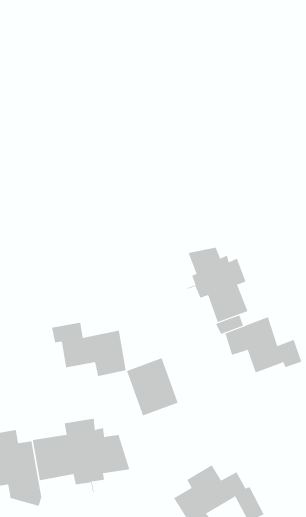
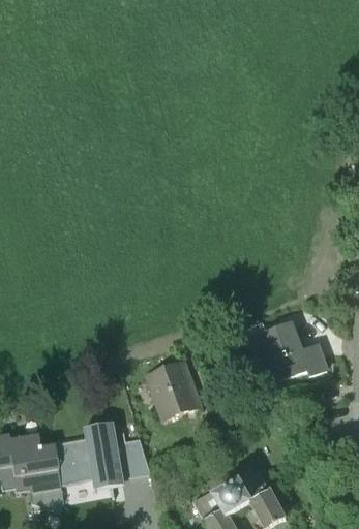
building: [187,247,248,323] -> none
building: [52,322,126,377] -> none

